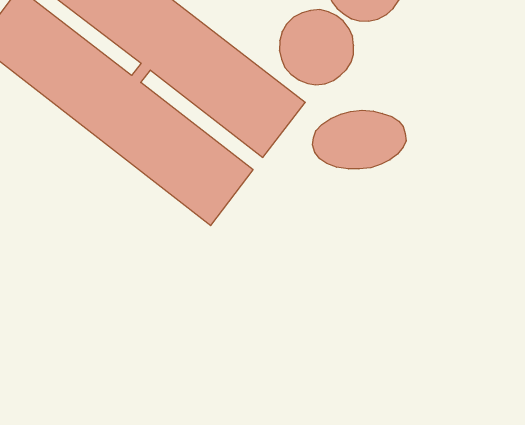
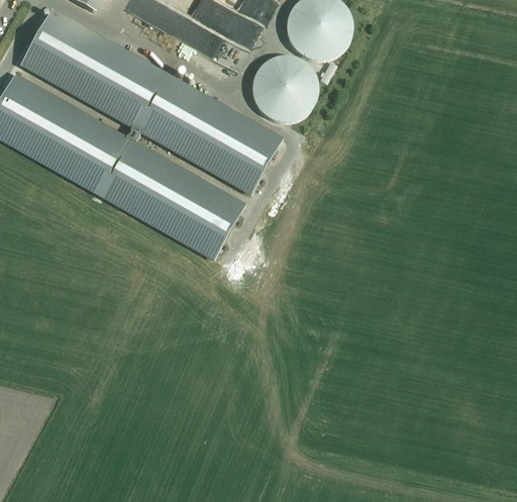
building: [312,110,406,169] -> none

